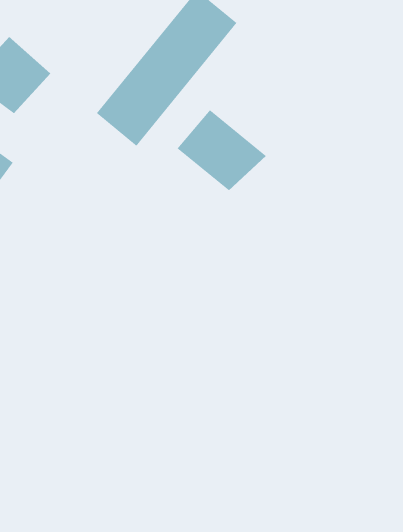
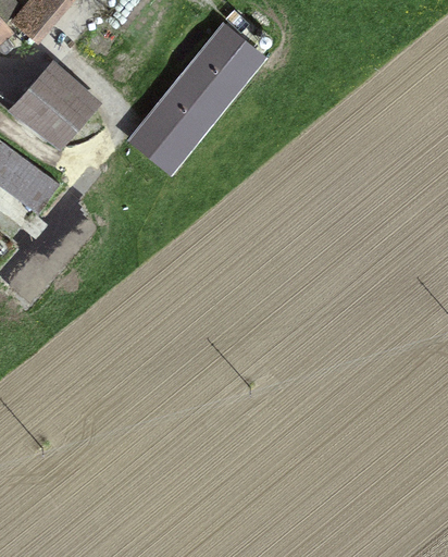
building: [177,109,267,191] -> none

